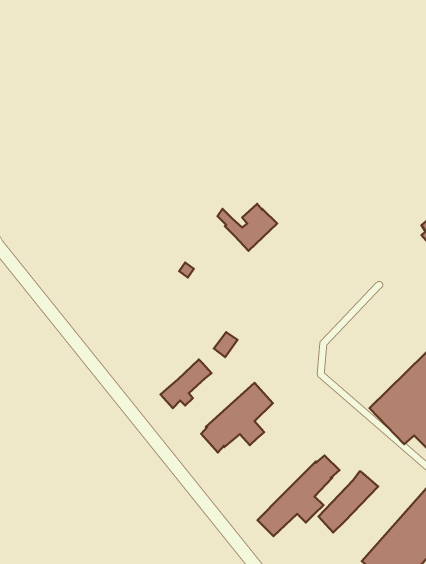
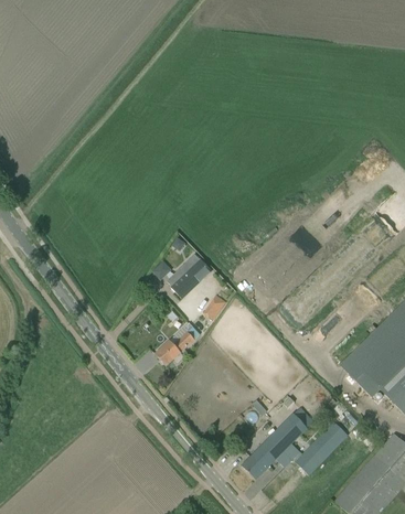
building: [217,204,277,251] -> [159,253,212,295]
building: [201,383,273,453] -> none

